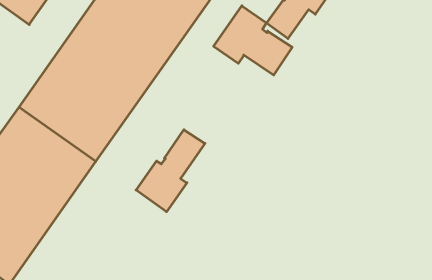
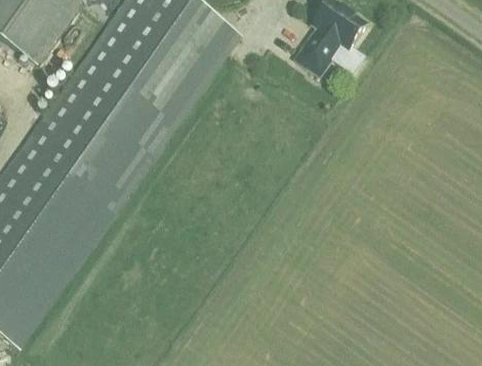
building: [214,6,292,75] -> none
building: [136,130,205,212] -> none

